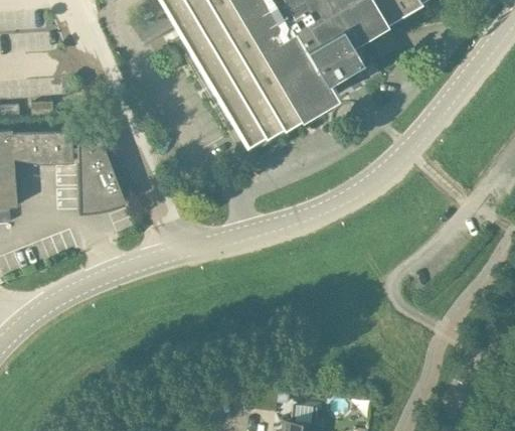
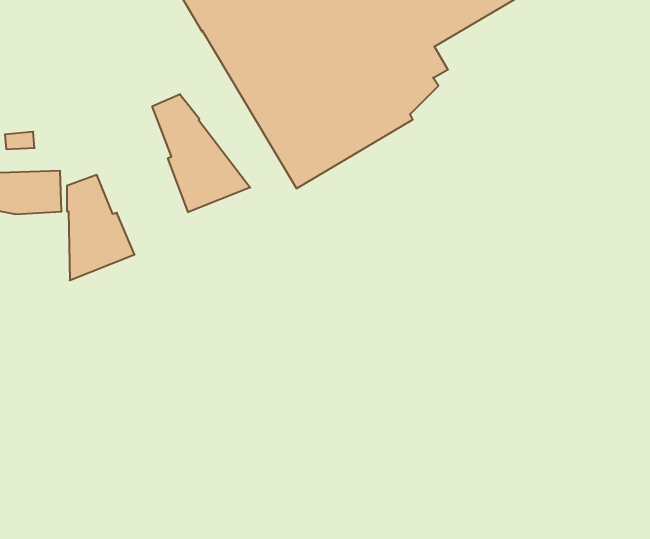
building: none -> [152,94,250,212]

